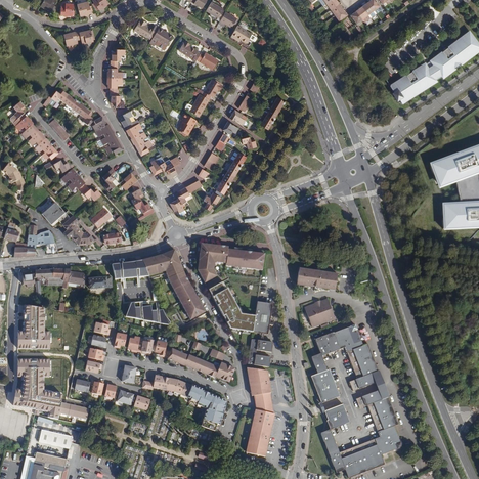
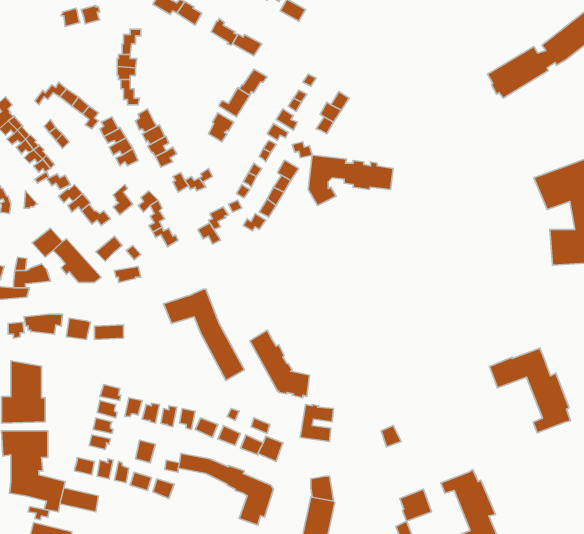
building: [199,243,264,281] -> [308,155,393,206]
building: [112,260,148,279] -> none
building: [297,266,337,288] -> none
building: [305,296,335,321] -> none
building: [126,300,173,325] -> none
building: [253,300,273,333] -> none
building: [315,323,378,389] -> [489,348,570,433]
building: [250,366,272,395] -> none
building: [310,367,339,401] -> none

